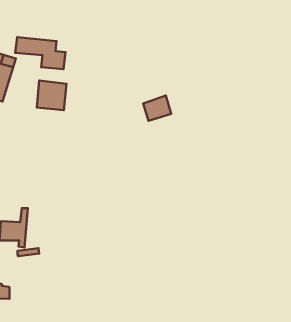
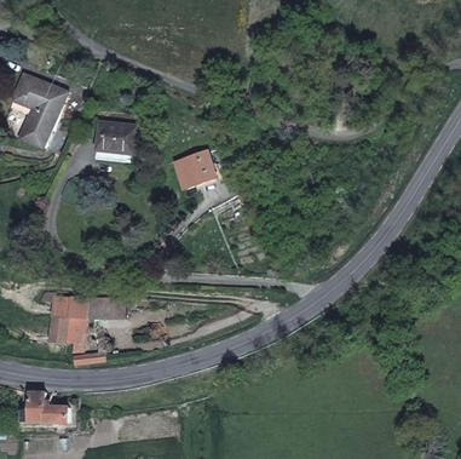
building: [15,37,65,69] -> none
building: [143,96,171,121] -> [175,151,214,187]

